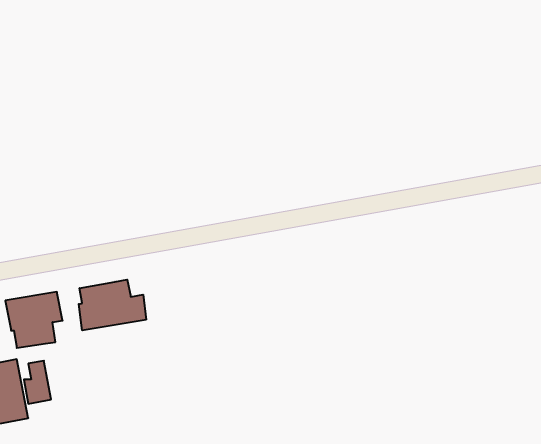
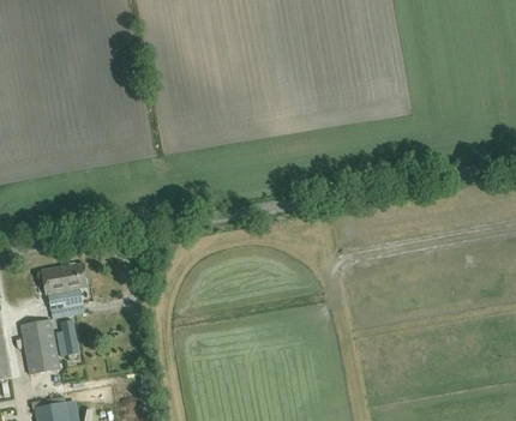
building: [79,280,146,330] -> none

